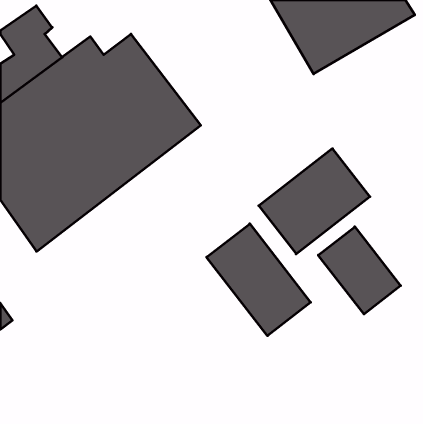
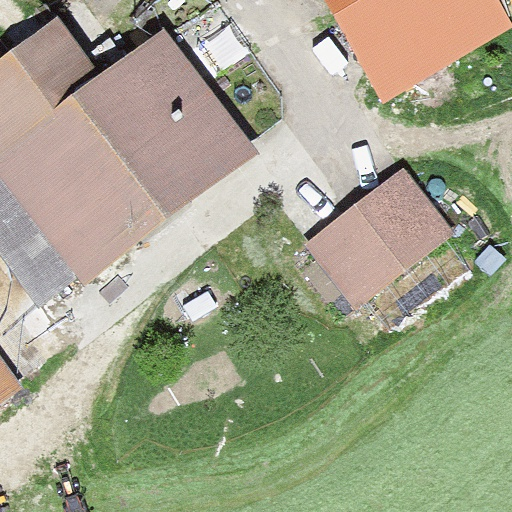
building: [207,224,311,336] -> none
building: [318,227,401,314] -> none

